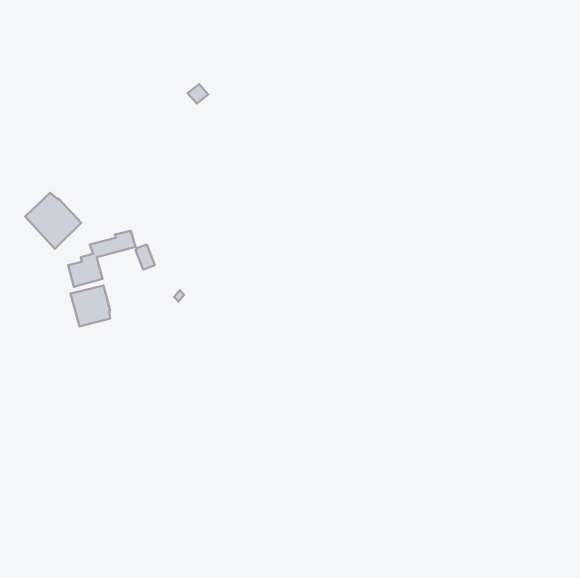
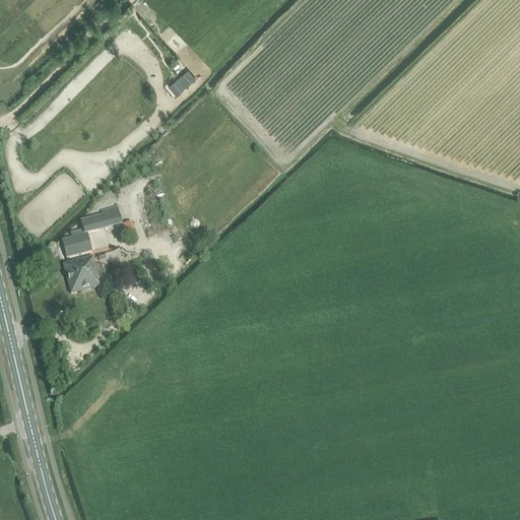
building: [25,193,81,249] -> none

